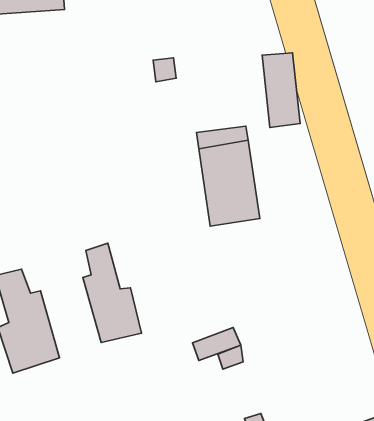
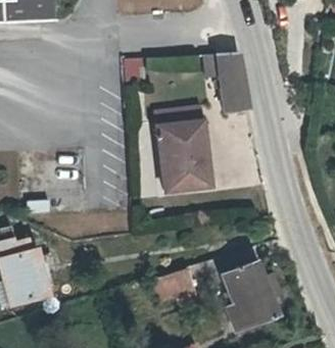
building: [83,243,141,343] -> none
building: none -> [228,256,289,335]

